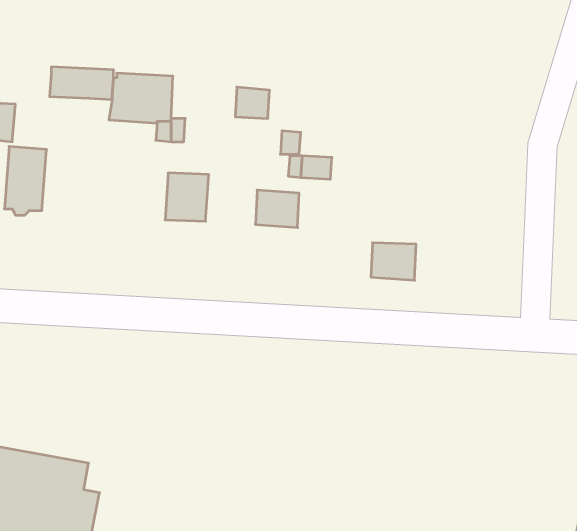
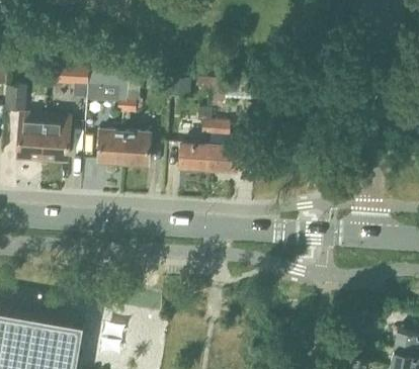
building: none -> [43,117,71,162]
building: none -> [98,130,124,163]
building: [371,243,416,280] -> [208,146,238,170]

